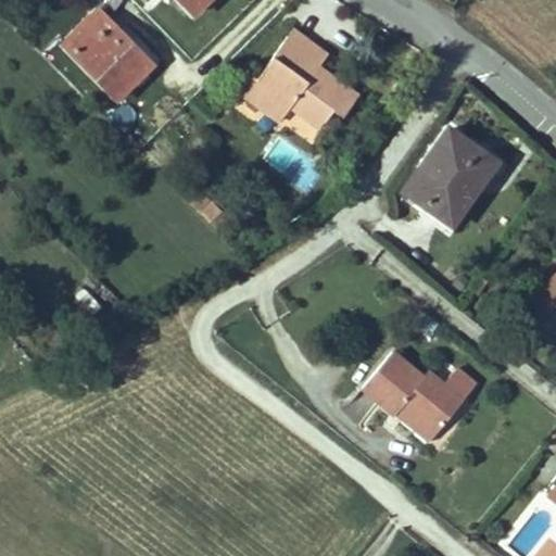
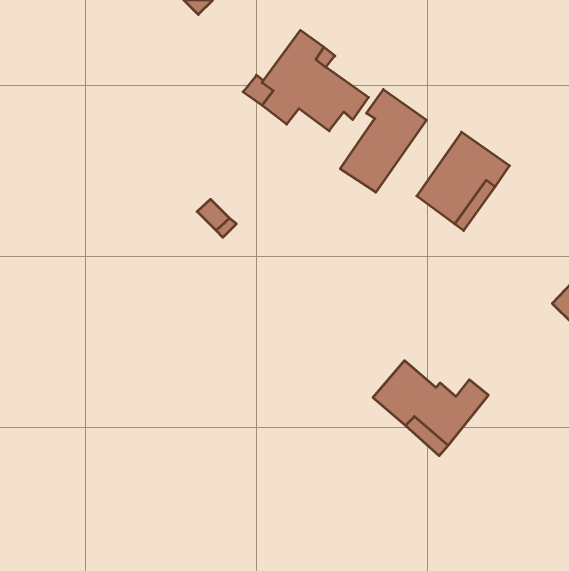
building: [66,11,154,100] -> none
building: none -> [340,89,427,192]

